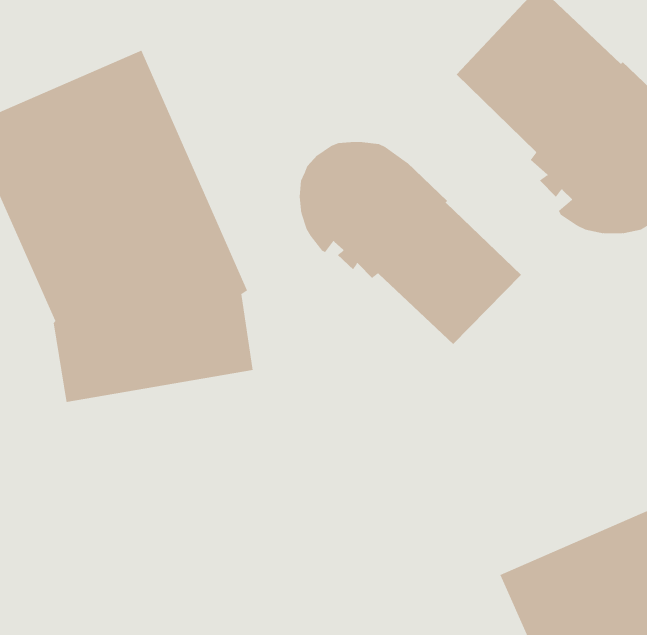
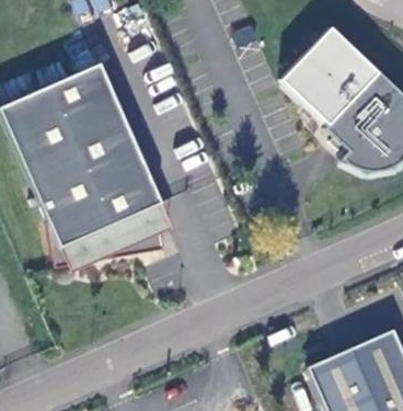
building: [299,141,522,345] -> none

